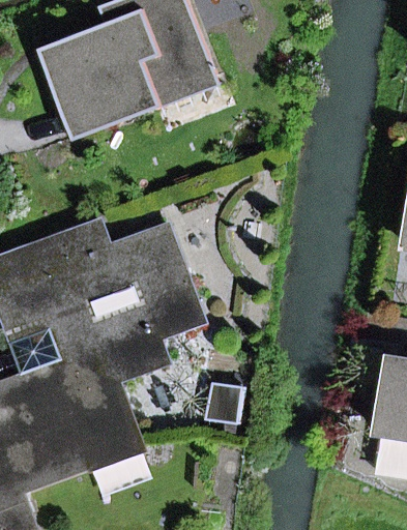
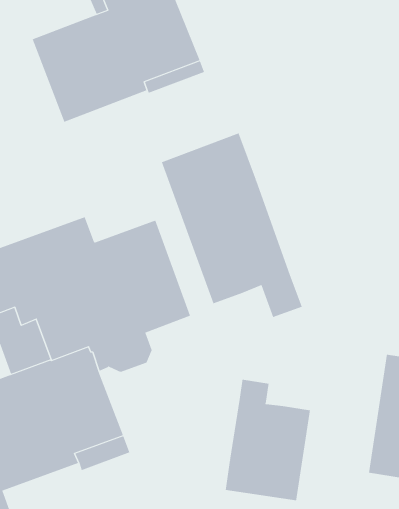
building: none -> [161,133,302,318]
building: none -> [225,379,310,501]

